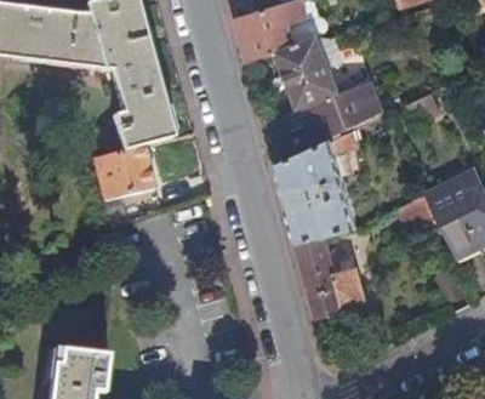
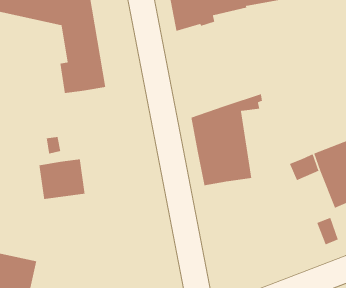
building: [278,38,384,146] -> none
building: [93,143,153,196] -> [39,158,86,200]
building: [298,236,366,315] -> none

